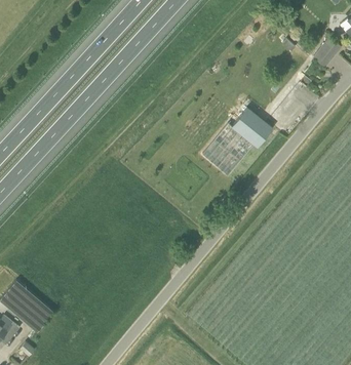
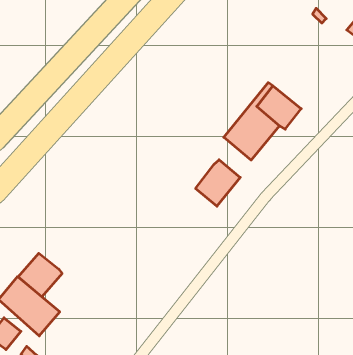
building: none -> [196,160,240,206]
building: none -> [18,253,62,297]

